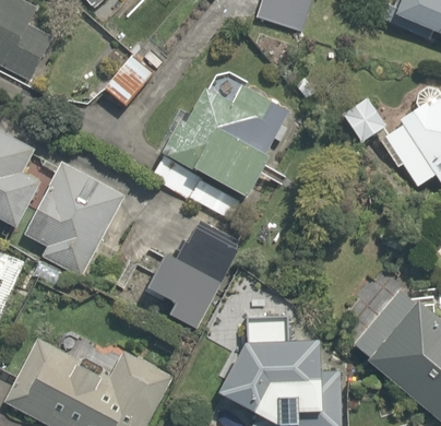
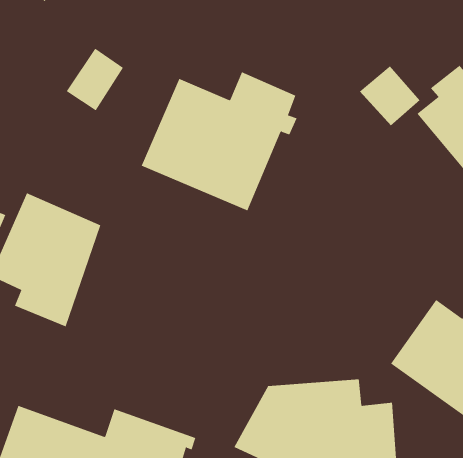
building: [139,224,238,329] -> none

